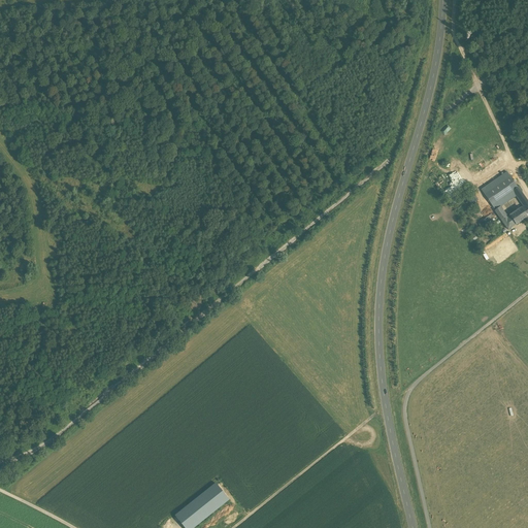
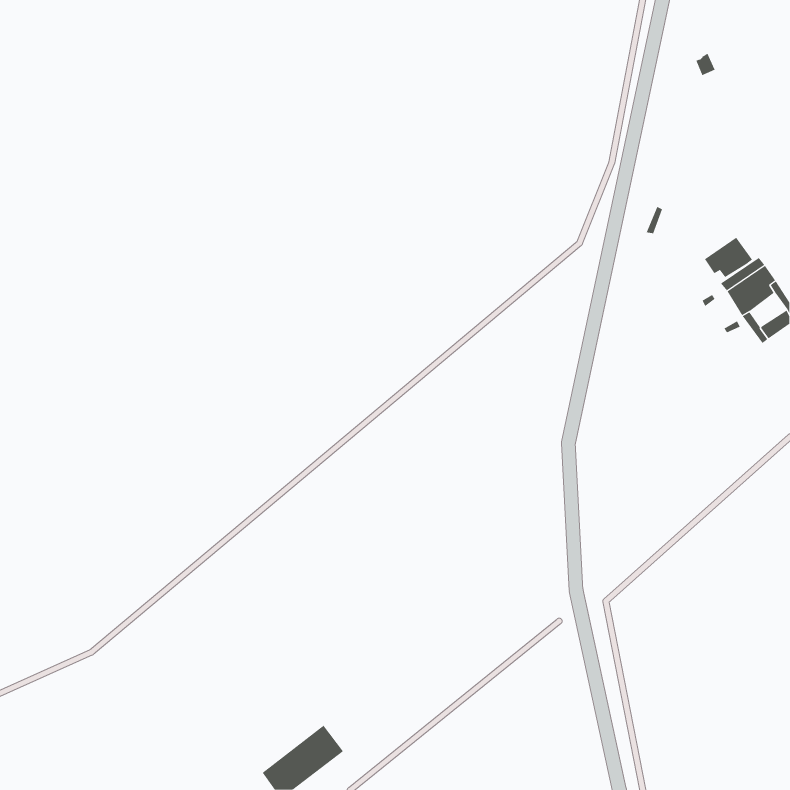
building: none -> [704,237,753,278]

